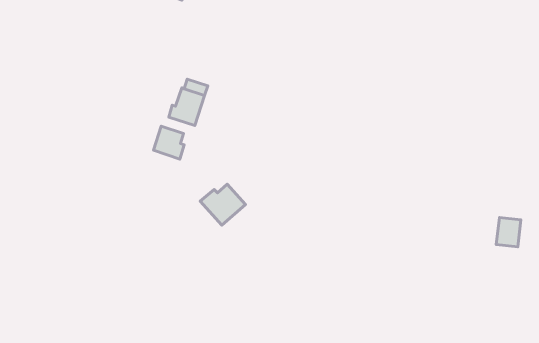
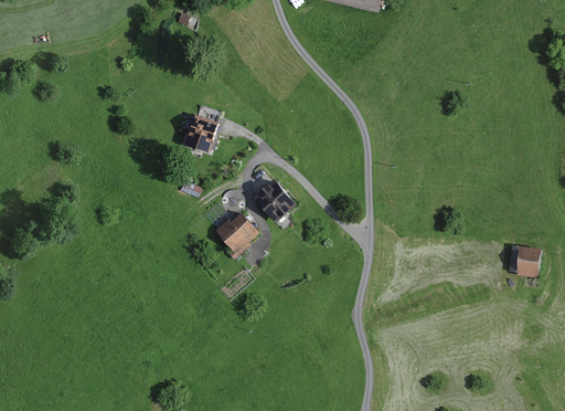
building: [154,126,184,159] -> none
building: none -> [253,179,295,222]

